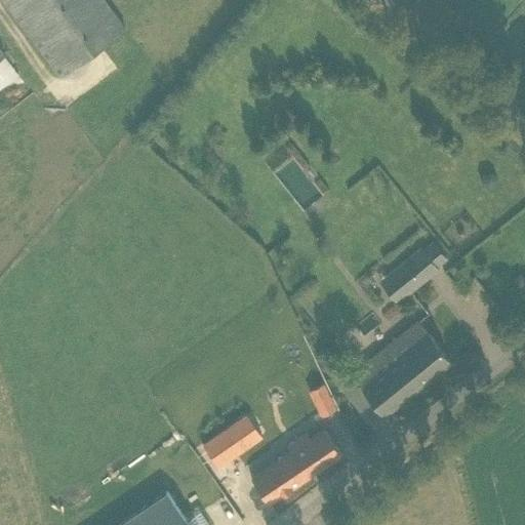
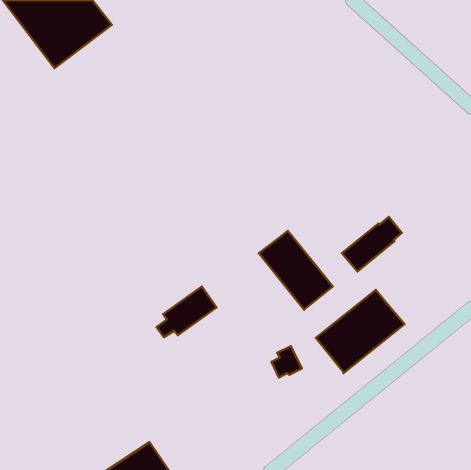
building: none -> [259,231,333,310]
building: [196,415,262,472] -> [157,286,217,337]
building: [251,431,340,504] -> none

